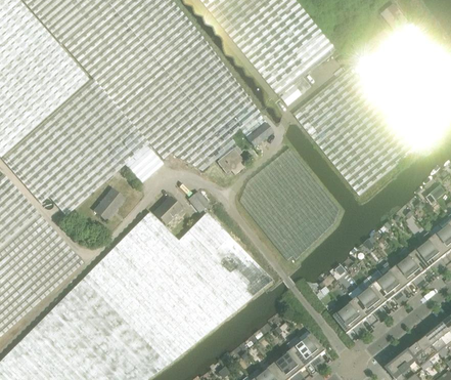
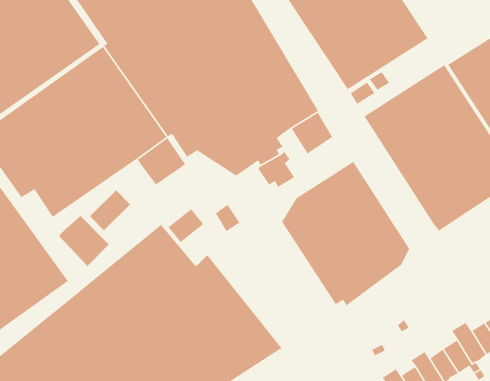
building: none -> [58,215,110,267]
building: [186,212,272,296] -> none

